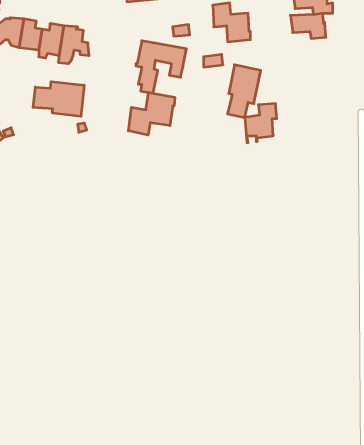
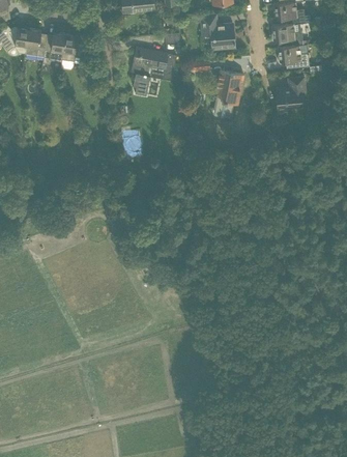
building: none -> [277,42,309,66]
building: [33,82,84,116] -> none
building: [128,92,175,135] -> none
building: [245,104,277,143] -> [276,76,305,111]

